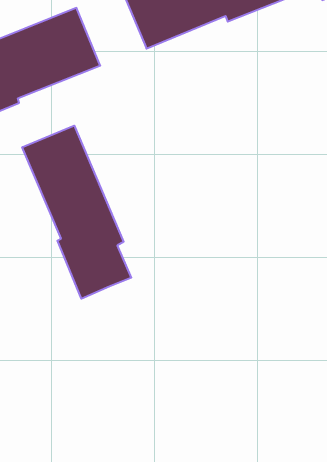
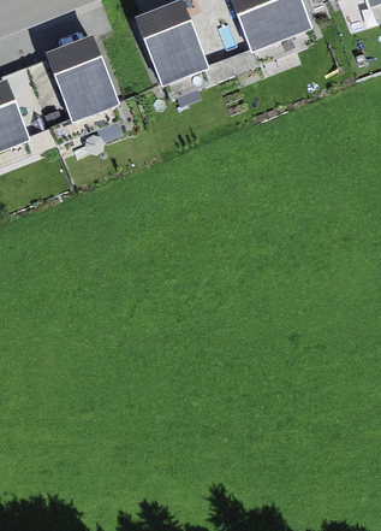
building: [22,126,131,299] -> none

